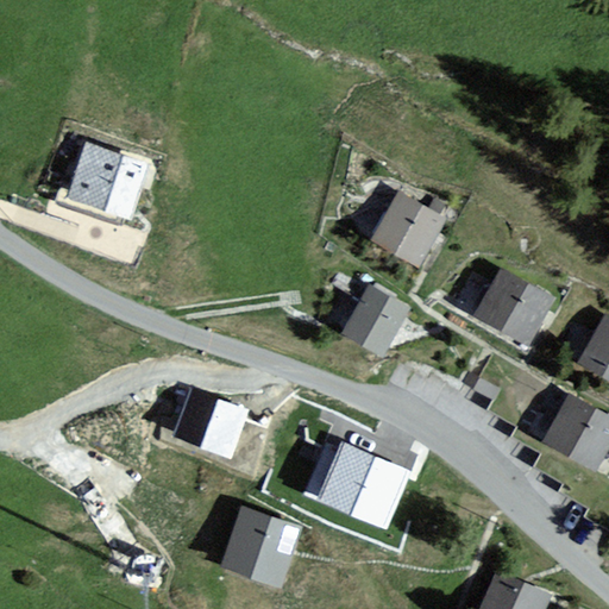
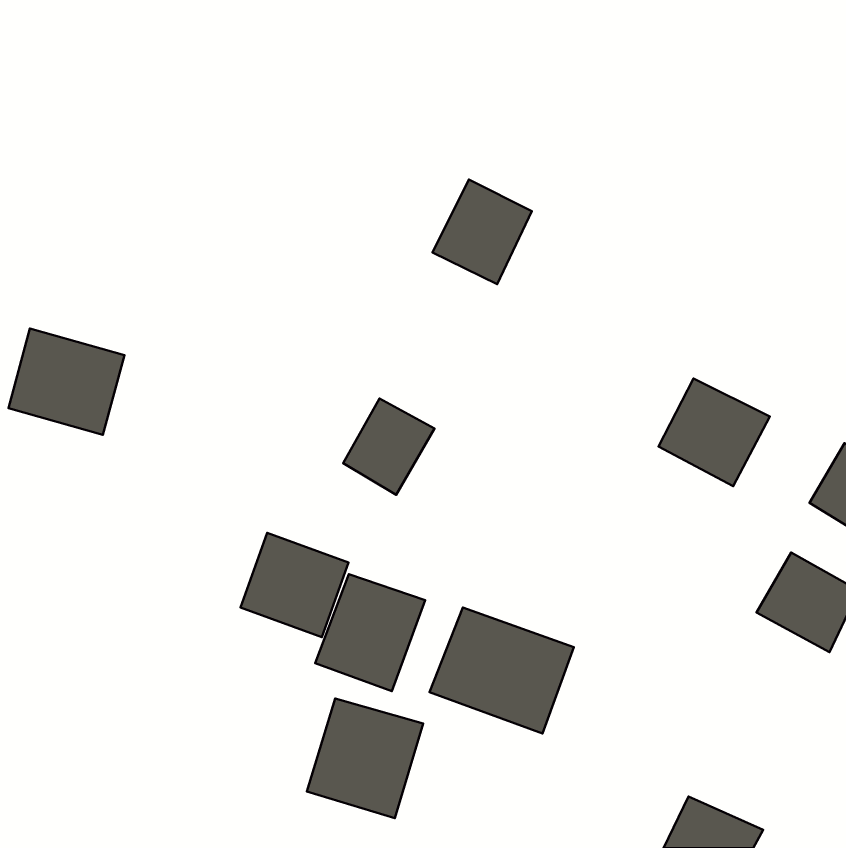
building: [62,145,145,221] -> [8,328,125,435]
building: [370,195,441,270] -> [432,179,532,284]
building: [341,287,407,356] -> [343,399,434,495]
building: none -> [315,574,425,691]

